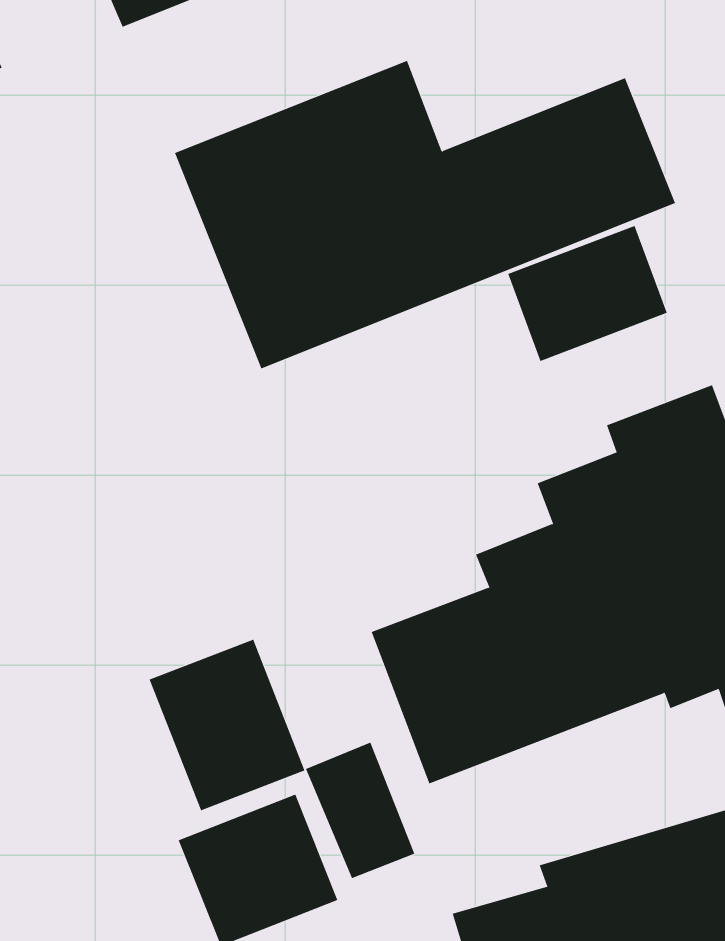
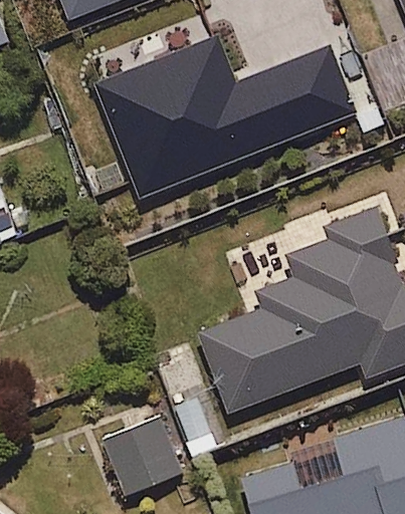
building: [507,225,668,362] -> none
building: [149,639,305,811] -> none

